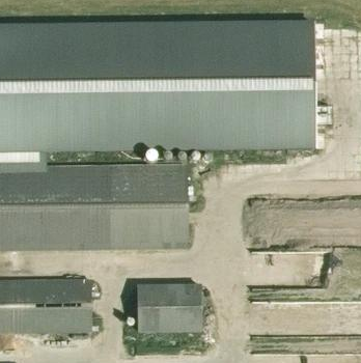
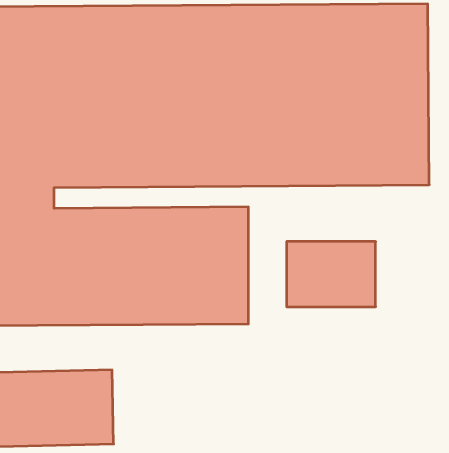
building: [139,283,201,329] -> [287,242,376,307]

